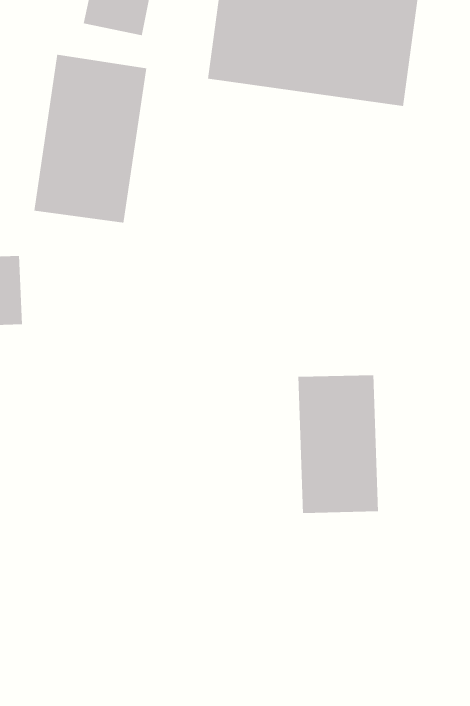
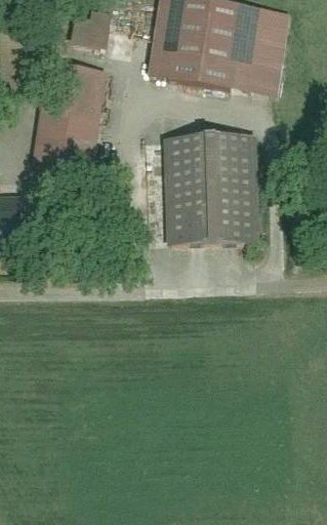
building: none -> [165,136,260,249]
building: [298,374,378,514] -> none

